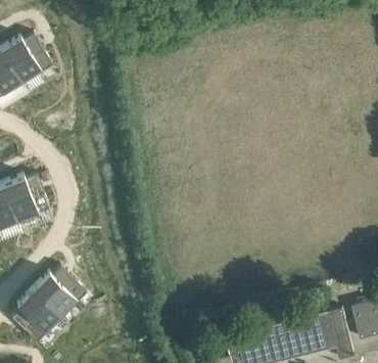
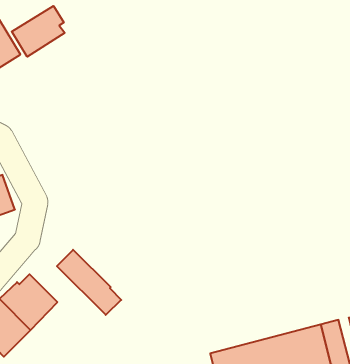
building: none -> [12,6,65,57]
building: none -> [57,250,121,315]

